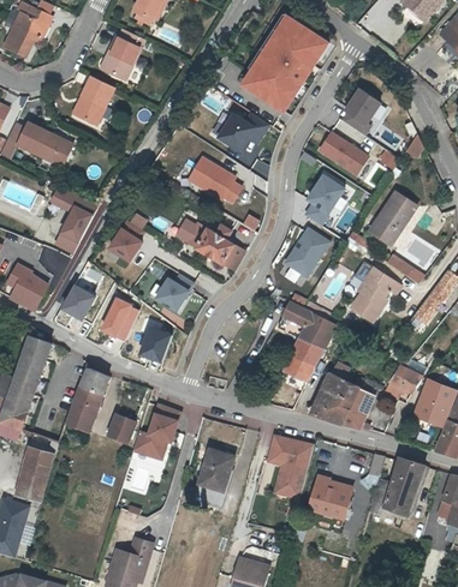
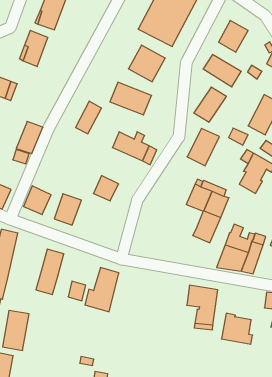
building: [109,216,147,259] -> [76,101,102,134]
building: [141,323,176,363] -> none
building: [200,451,232,491] -> none

